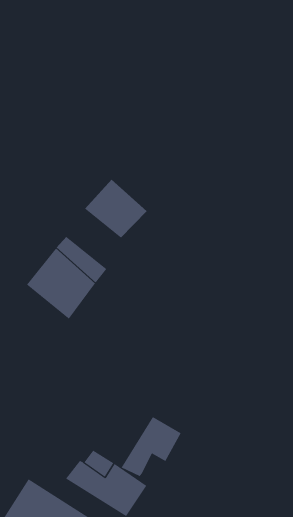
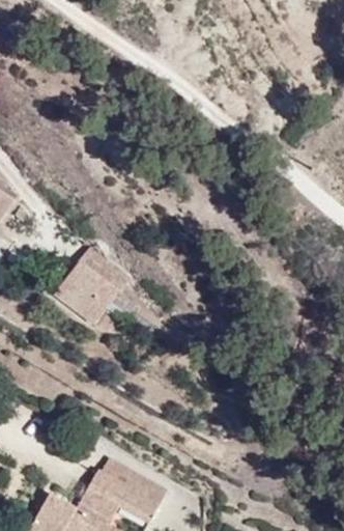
building: [84,179,148,239] -> none
building: [121,416,181,477] -> none

